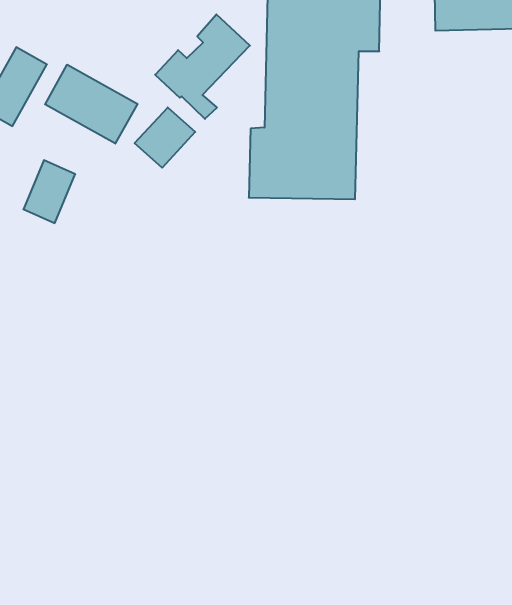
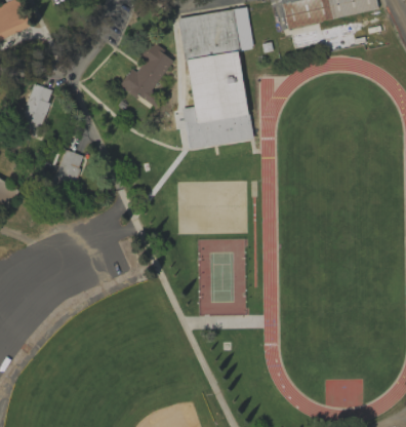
building: [45,65,137,144] -> none
building: [135,107,195,168] -> none

